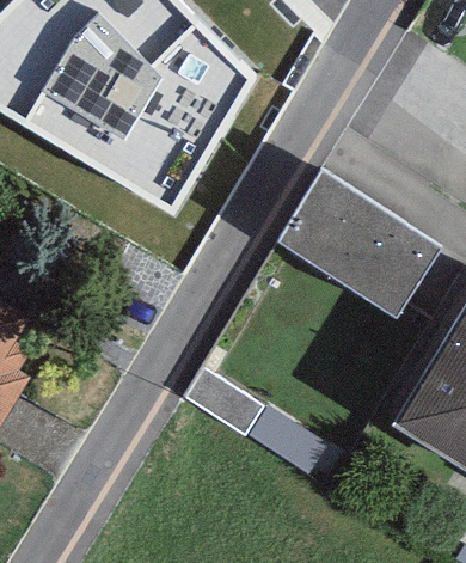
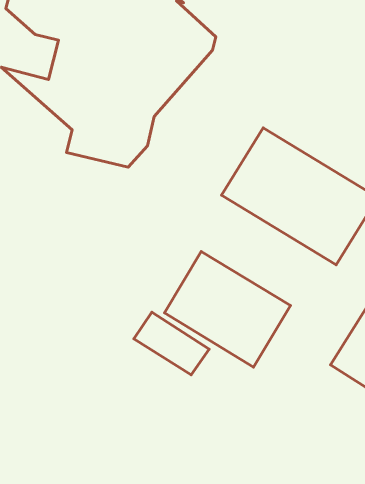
building: none -> [164,251,290,367]

